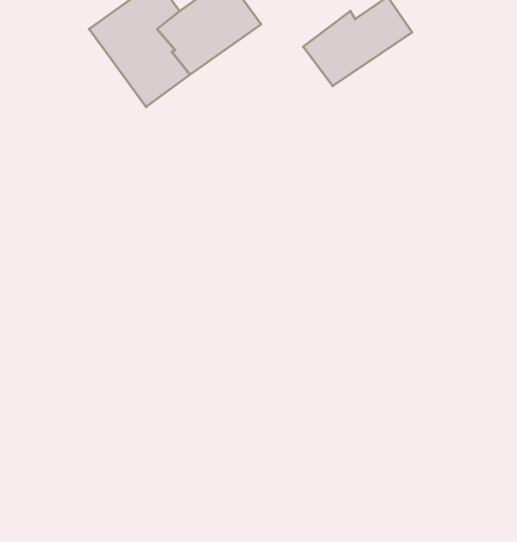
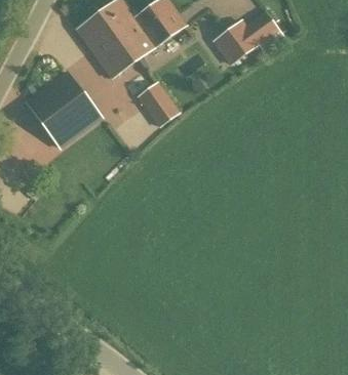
building: none -> [28,73,101,150]
building: none -> [137,81,180,127]

